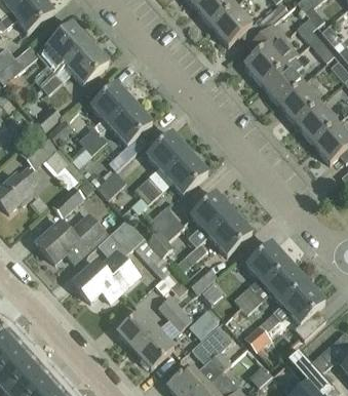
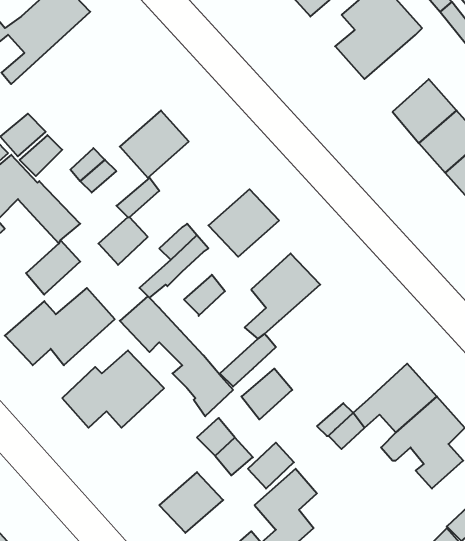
building: [42,41,110,93] -> none
building: [263,55,303,104] -> none
building: [92,82,136,125] -> none
building: [148,131,191,174] -> none
building: [209,211,253,254] -> none
building: [148,215,185,255] -> none
building: [246,241,289,283] -> none
building: [119,310,158,349] -> none
building: [244,313,280,351] -> none

